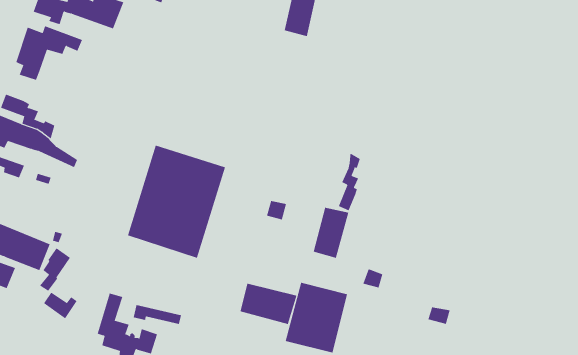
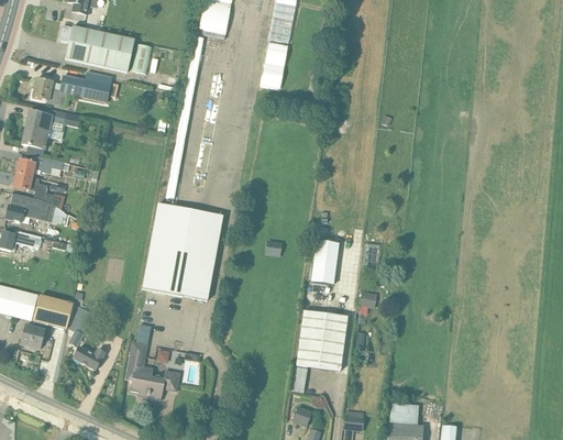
building: none -> [16,157,70,179]
building: [338,153,360,211] -> none
building: [240,283,297,325] -> none

